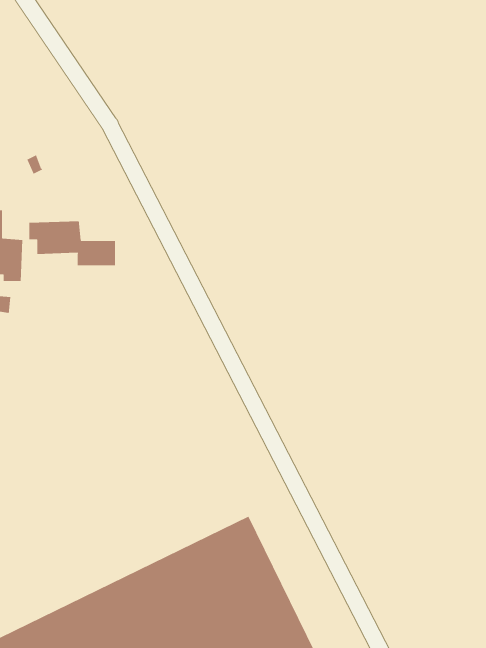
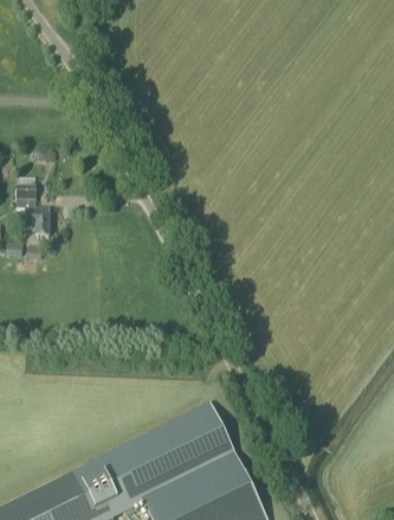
building: [29,220,116,266] -> none

